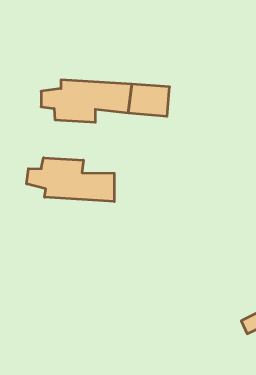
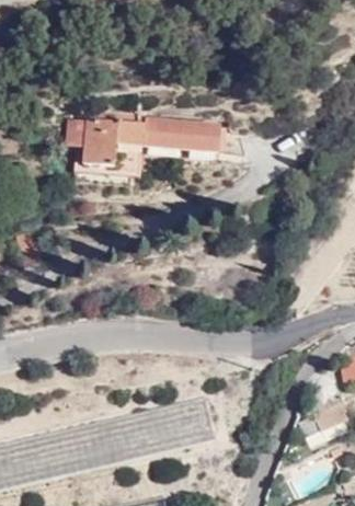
building: [27,158,114,202] -> none

